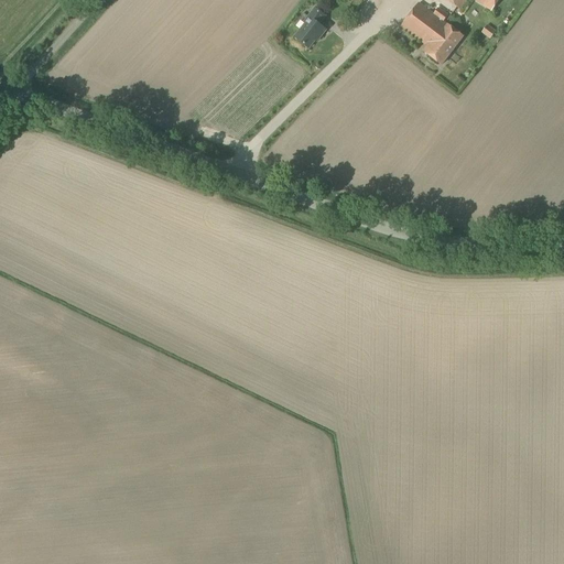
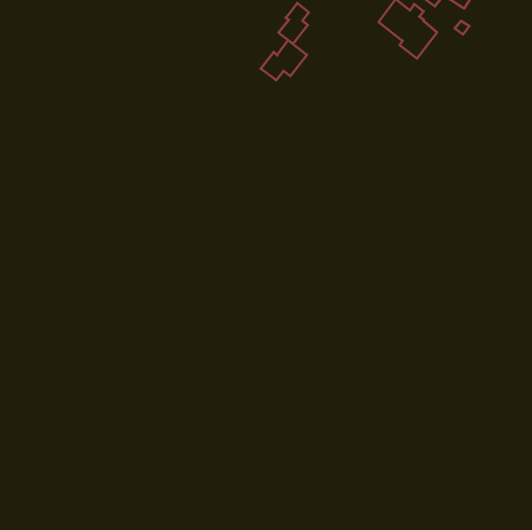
building: none -> [261,40,307,80]

